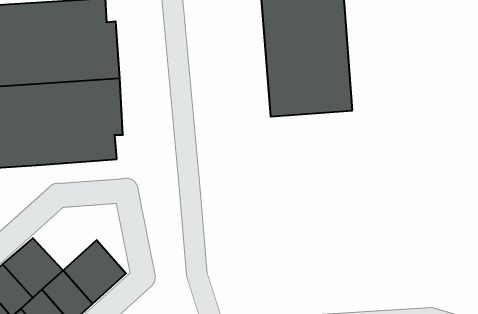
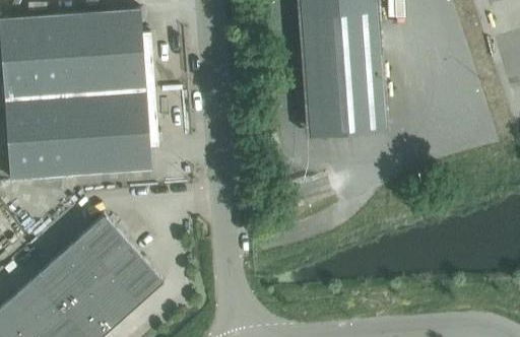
building: none -> [67,218,131,281]

